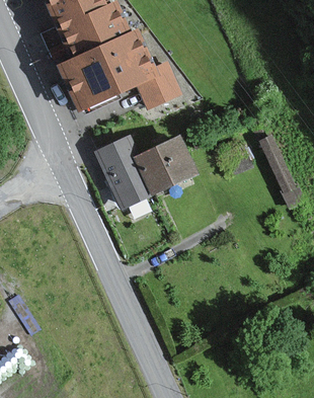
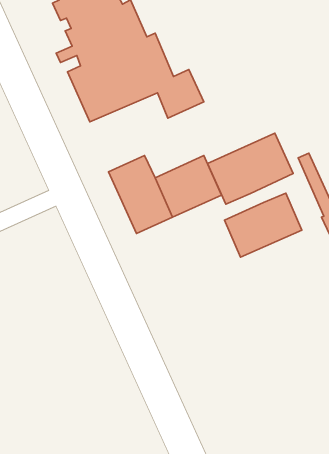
building: none -> [207,133,293,204]
building: none -> [224,193,302,257]

